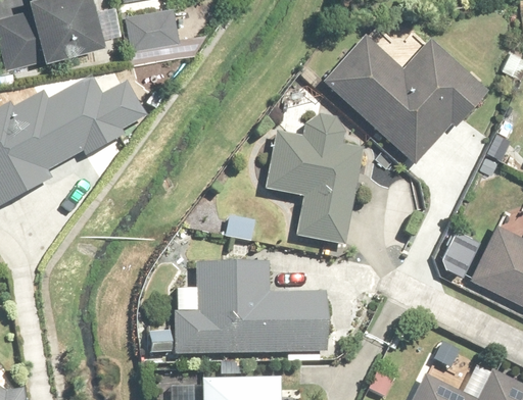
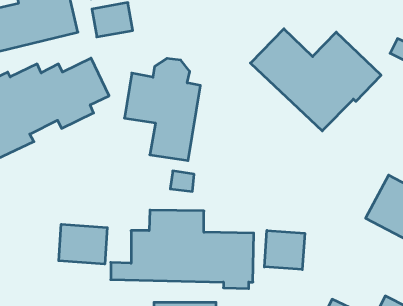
building: [266,115,361,243] -> [124,58,200,161]
building: none -> [59,224,107,264]
building: none -> [264,230,305,270]

